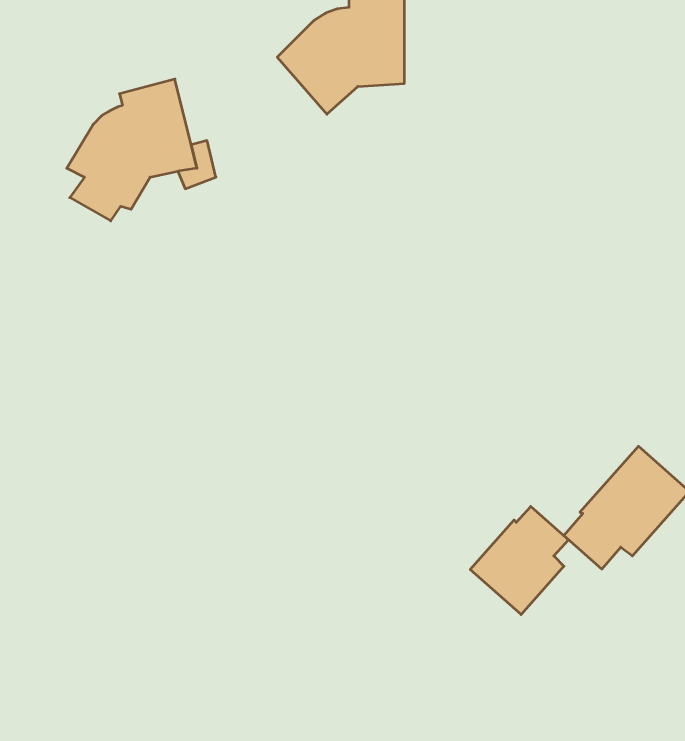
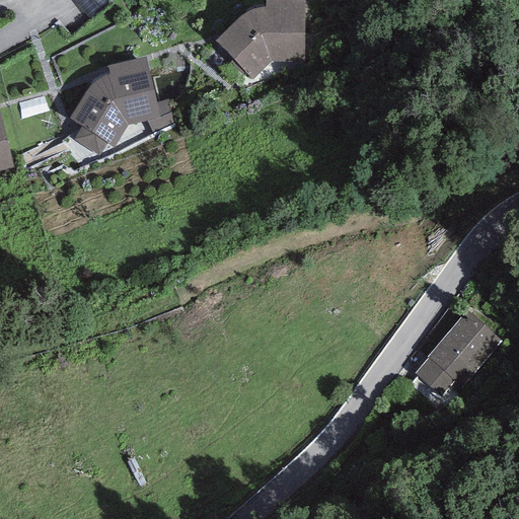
building: [470,506,568,615] -> none

